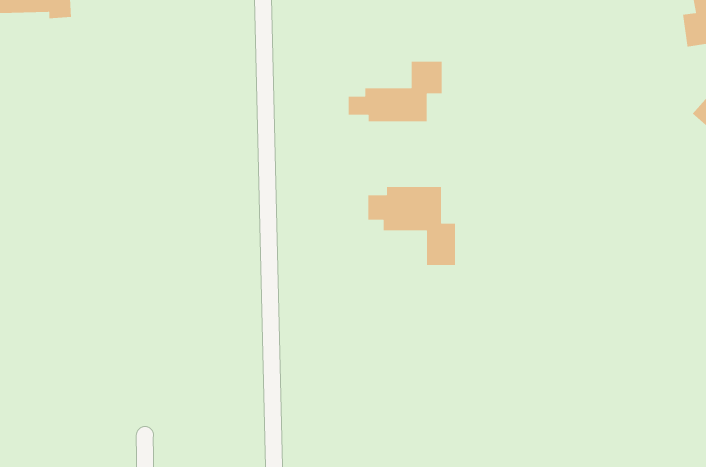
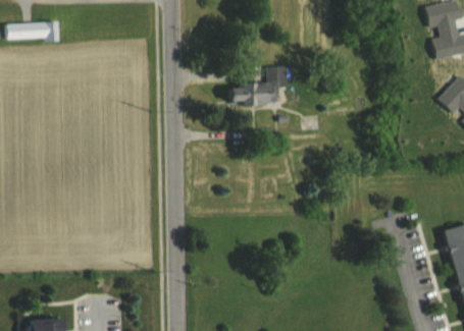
building: [367,186,456,266] -> none

